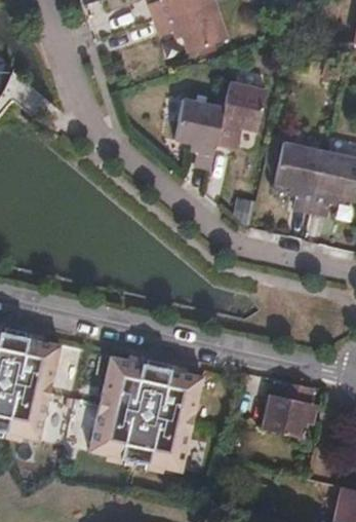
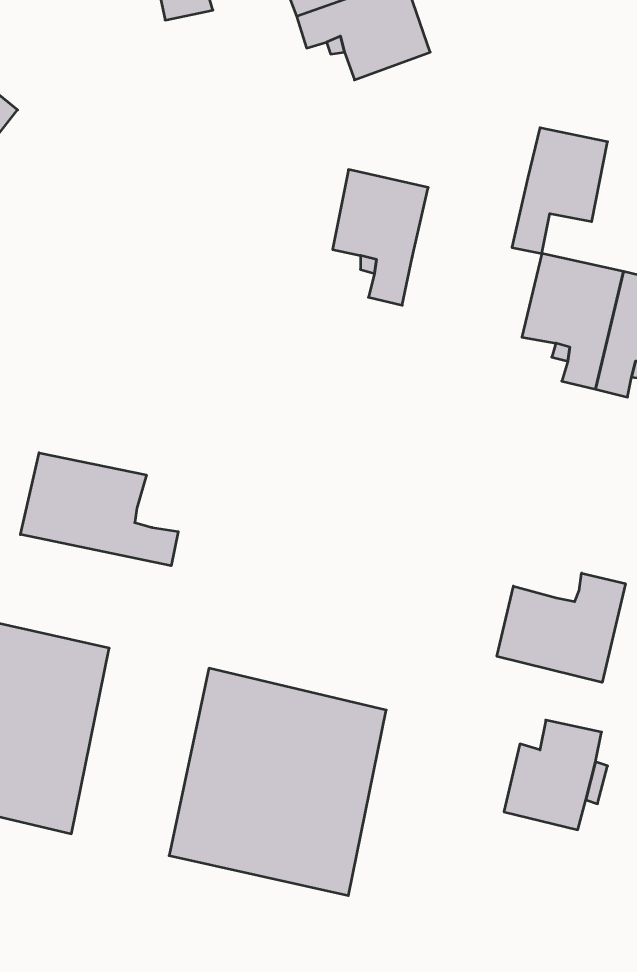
building: [215,81,265,146] -> [512,128,608,253]
building: none -> [20,453,178,566]
building: none -> [497,573,625,682]

